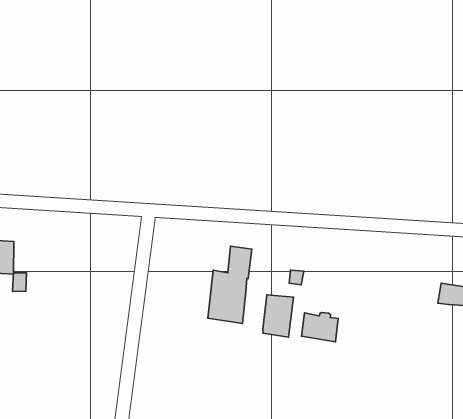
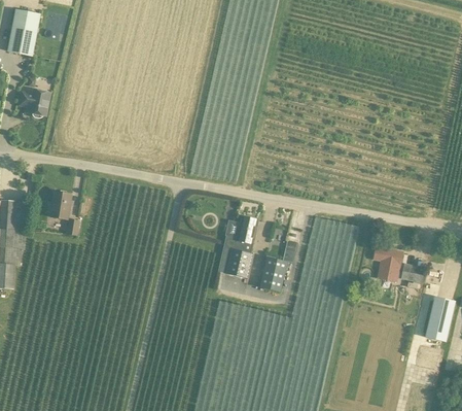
building: none -> [374,246,401,275]
building: [302,312,338,342] -> none

